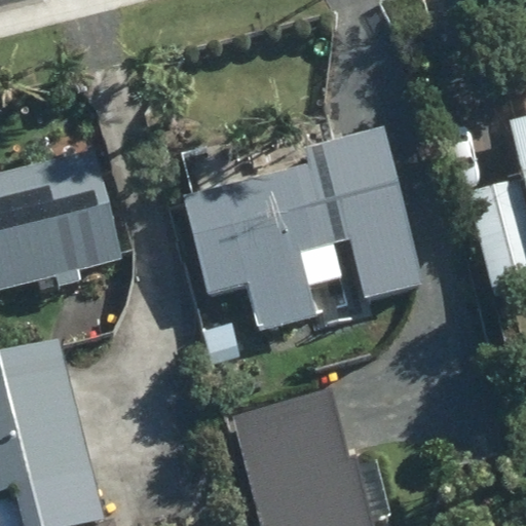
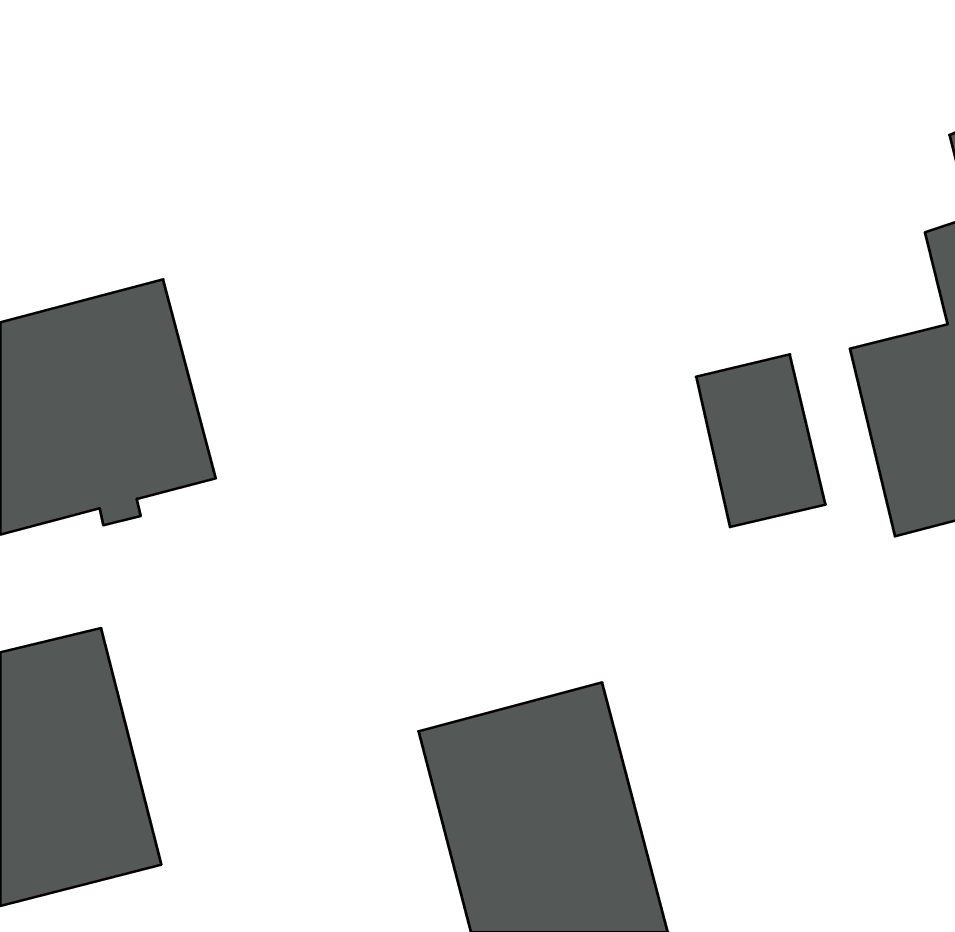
building: [184,165,344,335] -> none

